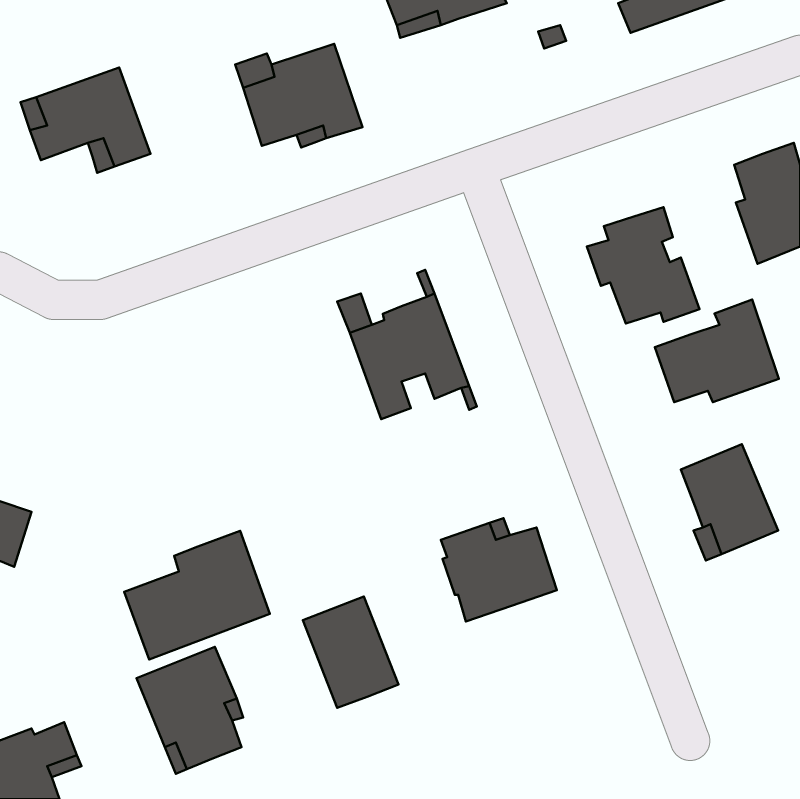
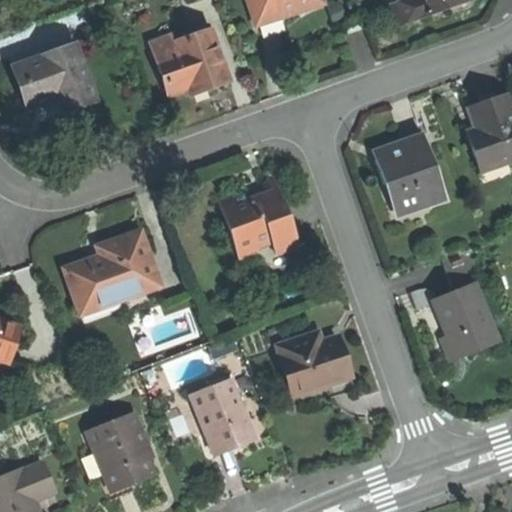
building: [655,299,779,402] -> none
building: [124,531,270,659] -> [66,231,159,313]

